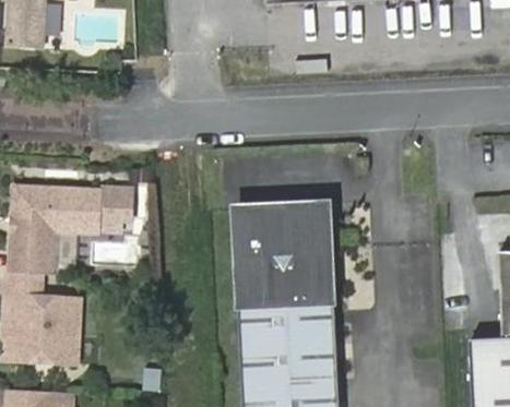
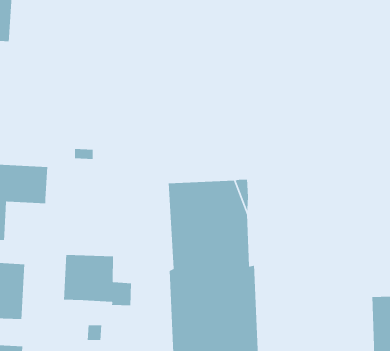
building: [100,185,132,227] -> none
building: none -> [63,254,132,306]

